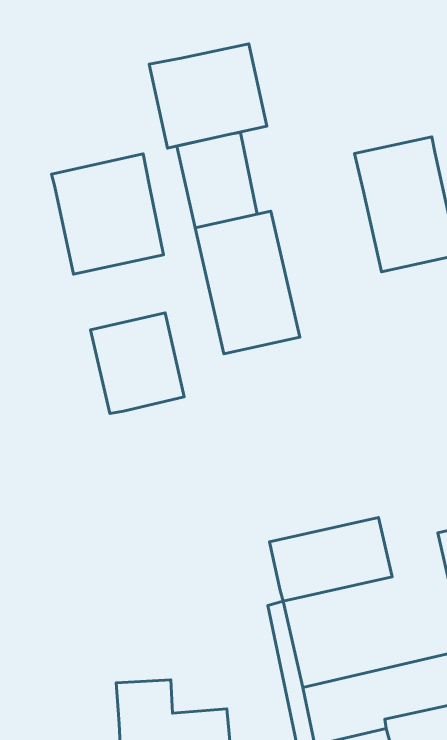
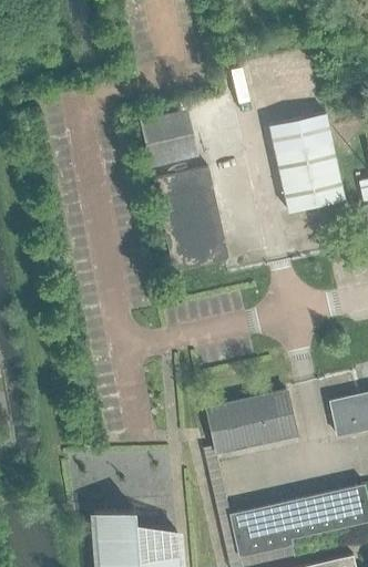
building: [149,44,267,148] -> none
building: [52,154,164,274] -> none
building: [91,313,184,414] -> none

